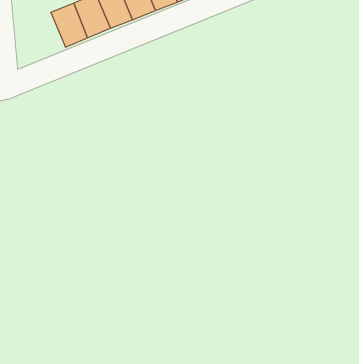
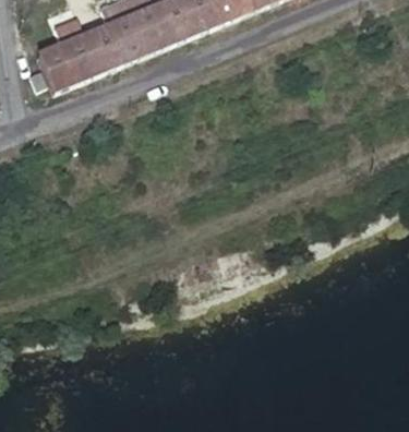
building: none -> [40,41,80,88]

